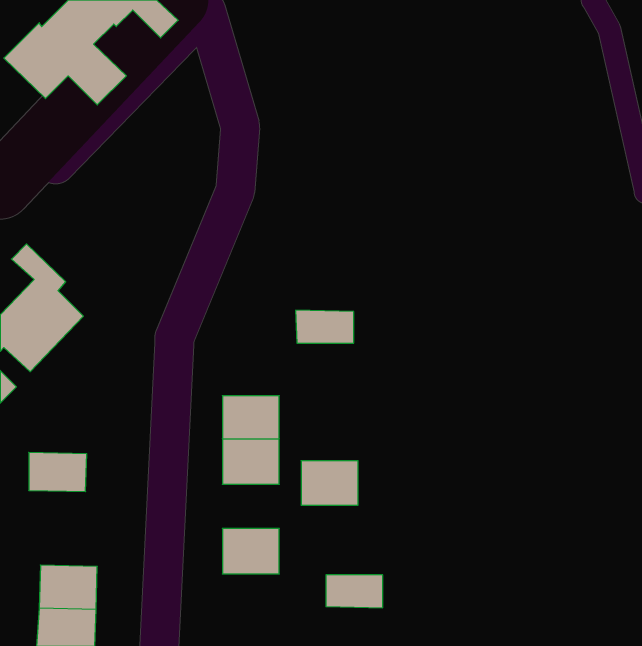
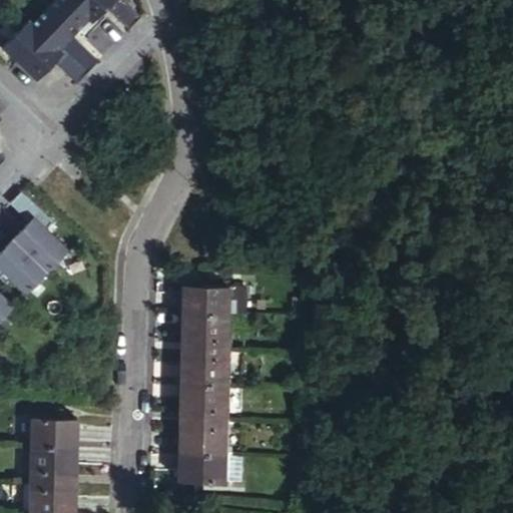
building: [296,310,354,343] -> [178,288,224,314]
building: [29,452,87,492] -> [35,418,81,449]
building: [301,461,358,505] -> [179,384,224,419]
building: [326,575,383,608] -> [179,455,224,481]

